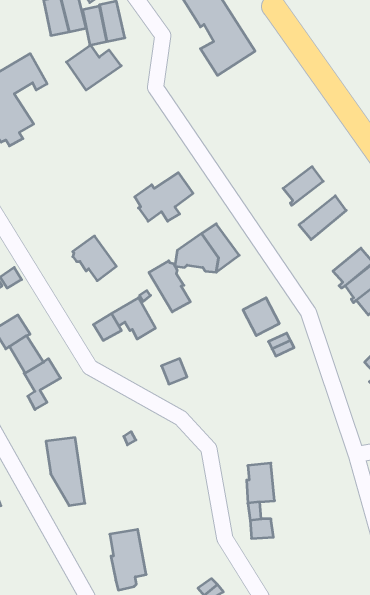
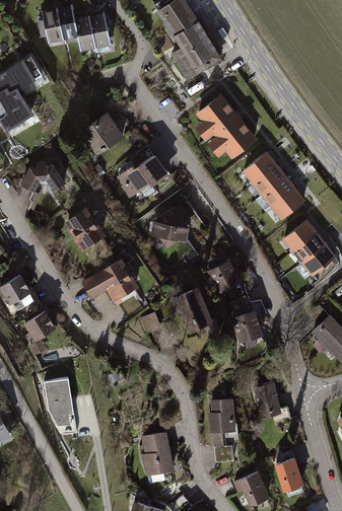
building: [66,45,121,90] -> [86,113,132,150]
building: none -> [196,93,255,155]
building: none -> [20,161,64,192]
building: none -> [252,163,285,197]
building: none -> [269,188,304,219]
building: [149,261,190,312] -> none
building: none -> [174,289,210,332]
building: none -> [232,311,261,341]
building: none -> [254,382,279,417]
building: none -> [275,451,301,490]
building: [110,529,146,590] -> [142,432,173,483]
building: none -> [233,472,268,504]

